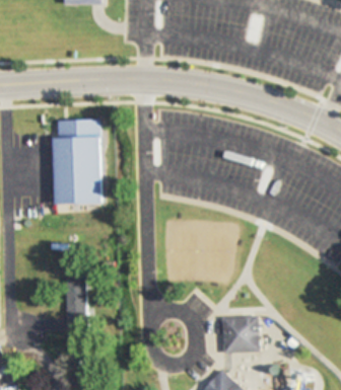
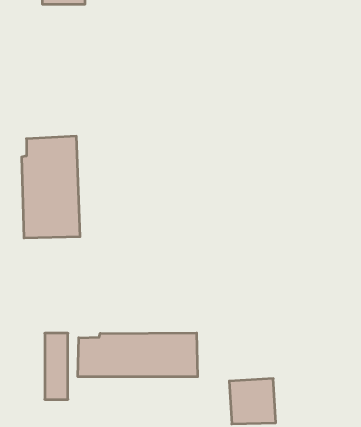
building: none -> [78,333,198,377]

